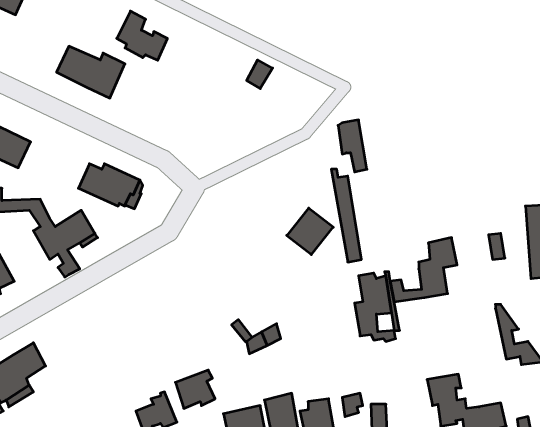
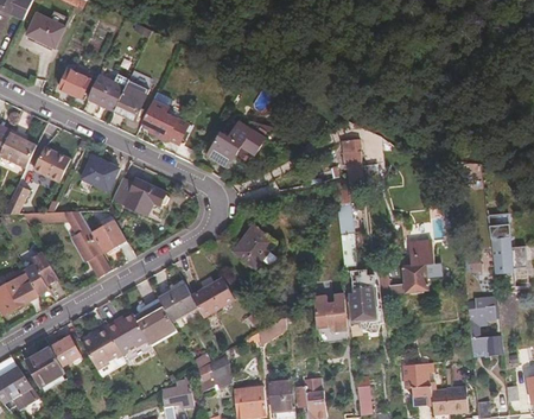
building: [117,11,167,60] -> [142,101,186,144]
building: none -> [57,66,90,97]
building: none -> [209,122,265,167]
building: none -> [80,154,115,189]
building: [287,208,333,255] -> [233,228,273,268]
building: none -> [81,279,233,366]
building: none -> [312,299,348,336]

